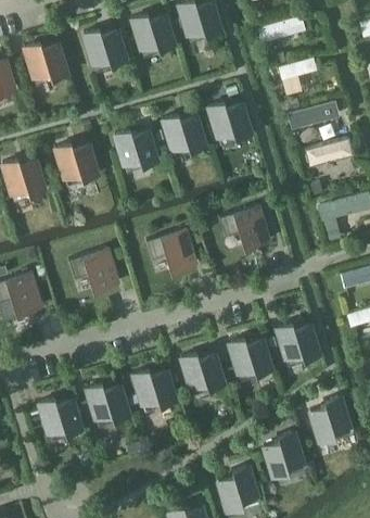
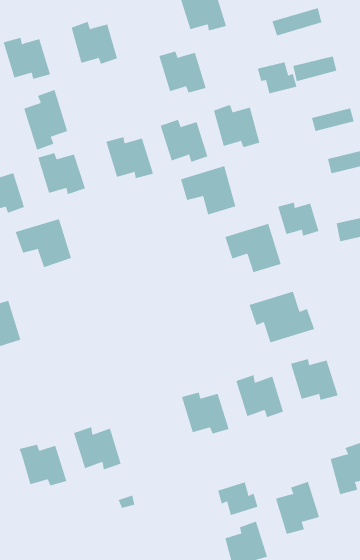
building: [132,15,175,52] -> [158,51,207,93]
building: none -> [257,61,297,94]
building: none -> [24,89,68,151]
building: none -> [277,202,319,237]
building: [146,230,195,274] -> [180,166,236,215]
building: [68,250,118,293] -> [15,218,72,268]
building: none -> [249,291,315,343]
building: [133,370,176,408] -> none
building: none -> [217,481,258,516]

